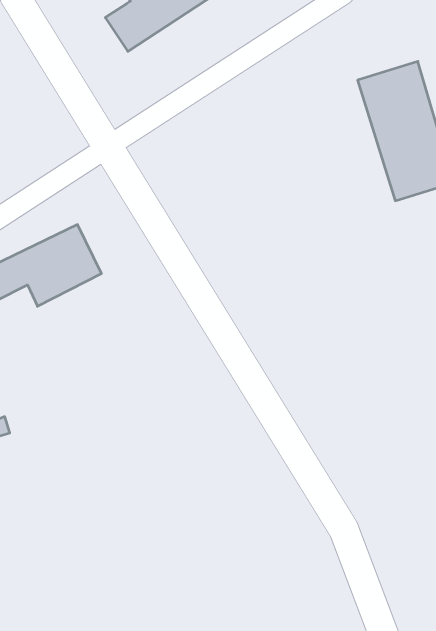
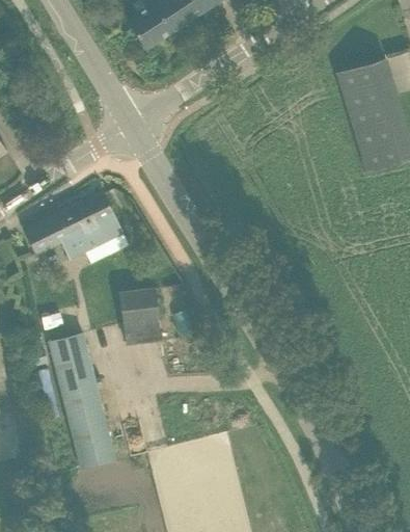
building: none -> [120,289,161,344]
building: none -> [49,335,116,470]

